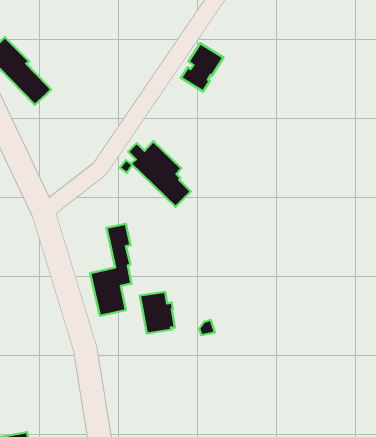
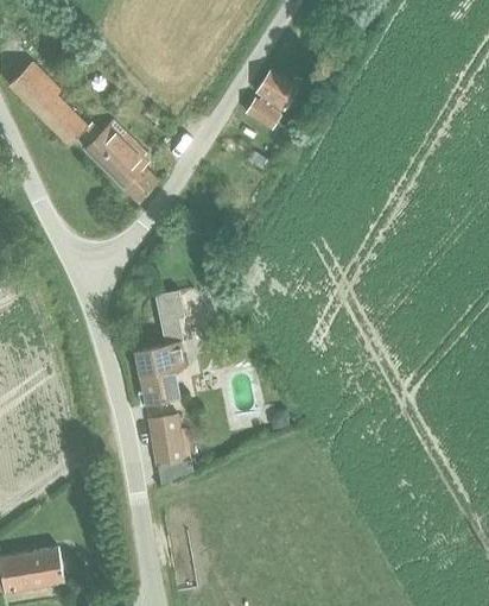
building: [128,141,191,207] -> [81,120,158,201]
building: [140,292,175,333] -> [147,414,190,465]

